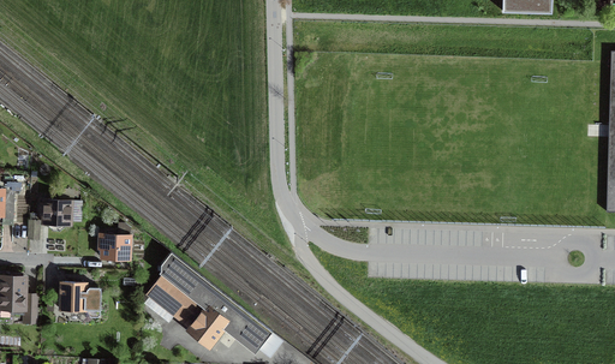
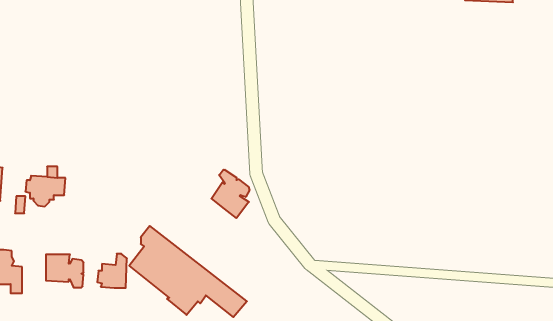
building: none -> [211,170,249,218]
building: [97,223,129,259] -> [97,254,127,288]

